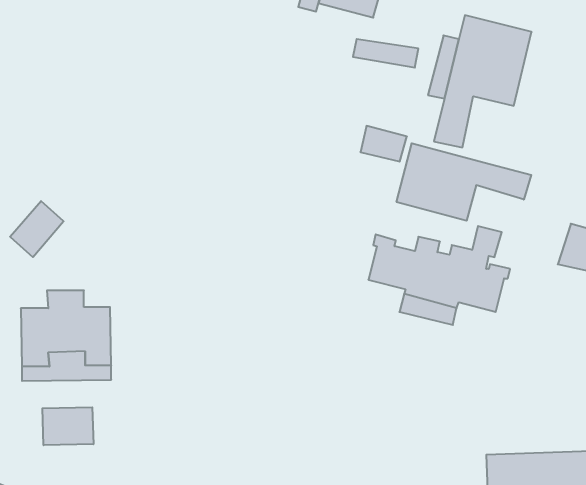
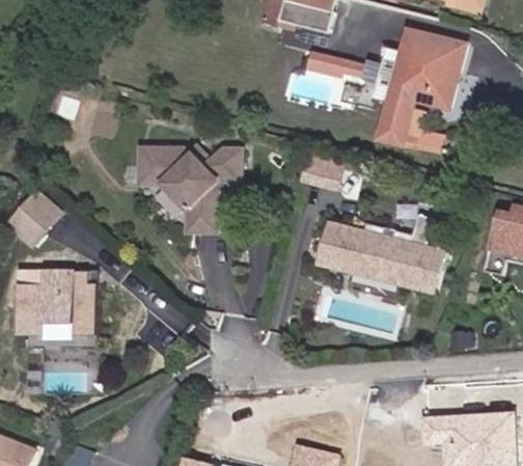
building: [360,126,407,162] -> [302,156,342,187]
building: [397,143,531,221] -> none
building: none -> [140,149,238,231]
building: [42,407,93,445] -> none

